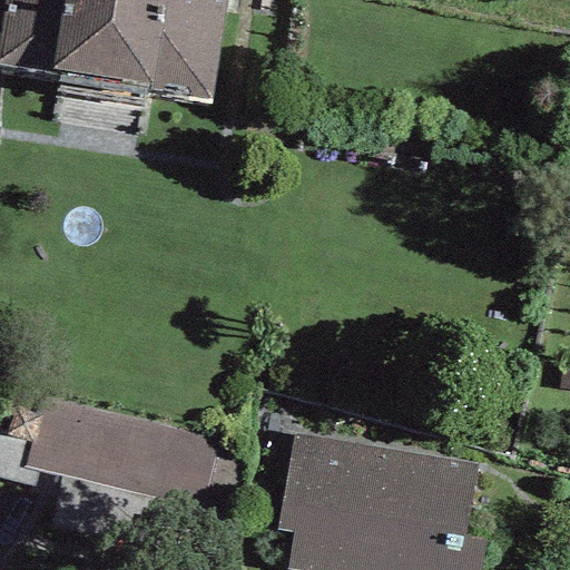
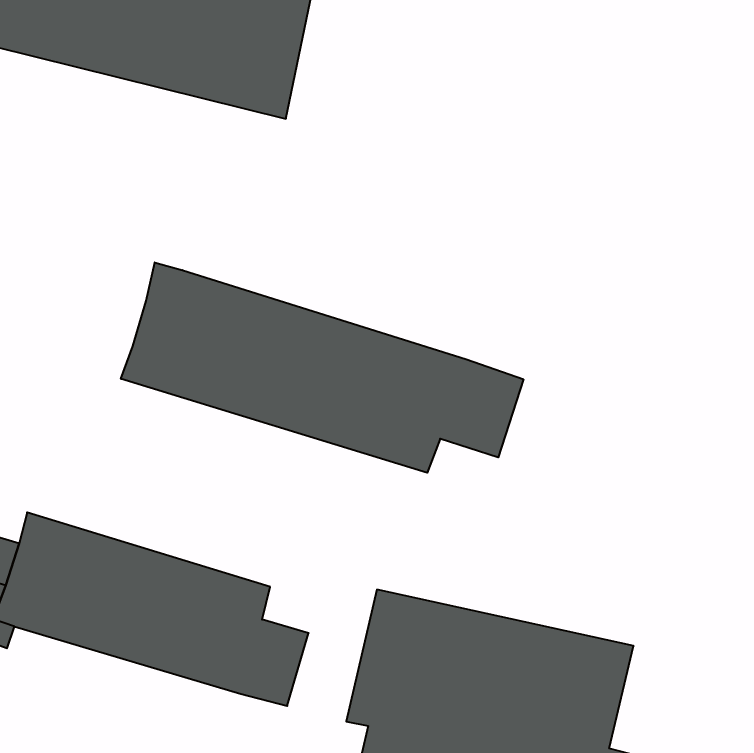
building: none -> [121,262,523,473]

